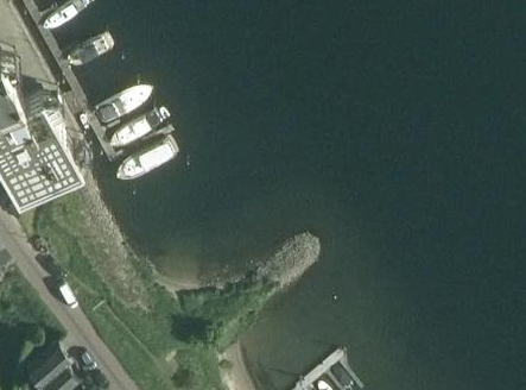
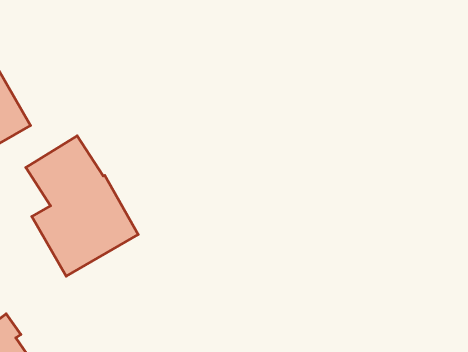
building: none -> [26,136,138,276]

